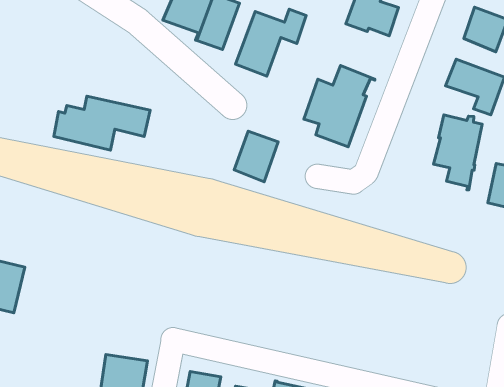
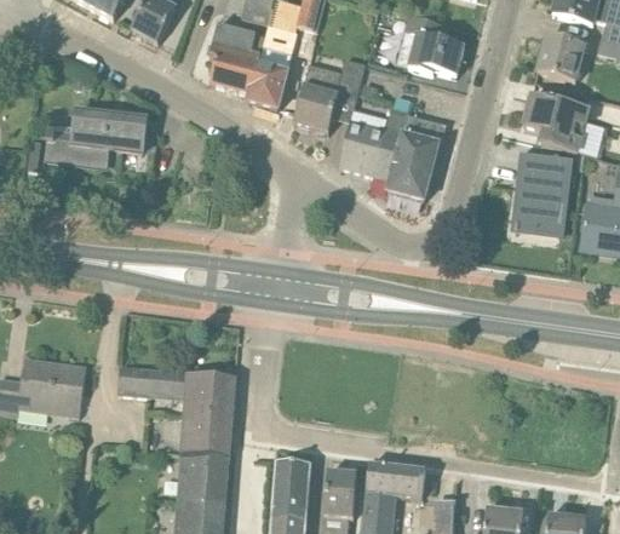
building: [54,96,150,150] -> [45,110,147,166]
building: [234,131,278,182] -> [339,121,384,174]
building: none -> [119,366,235,453]

